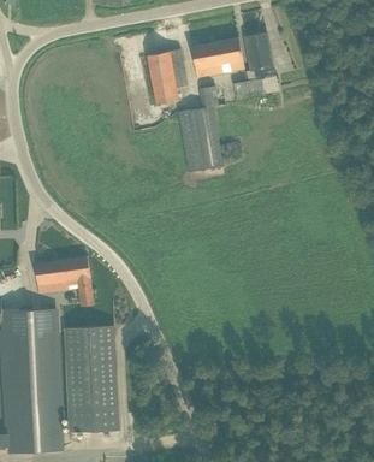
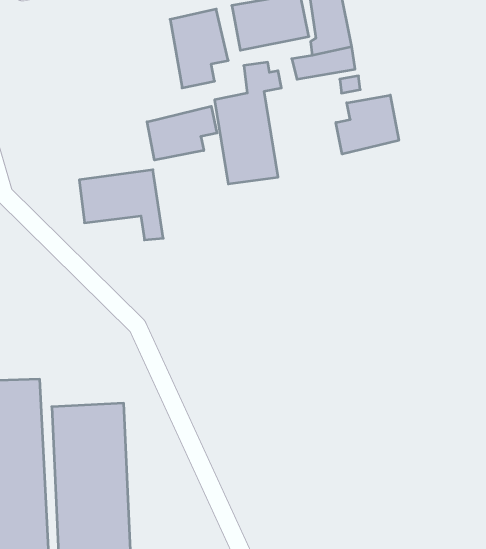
building: none -> [336,95,399,154]
building: none -> [147,106,217,160]
building: [35,255,94,304] -> [79,170,163,240]

